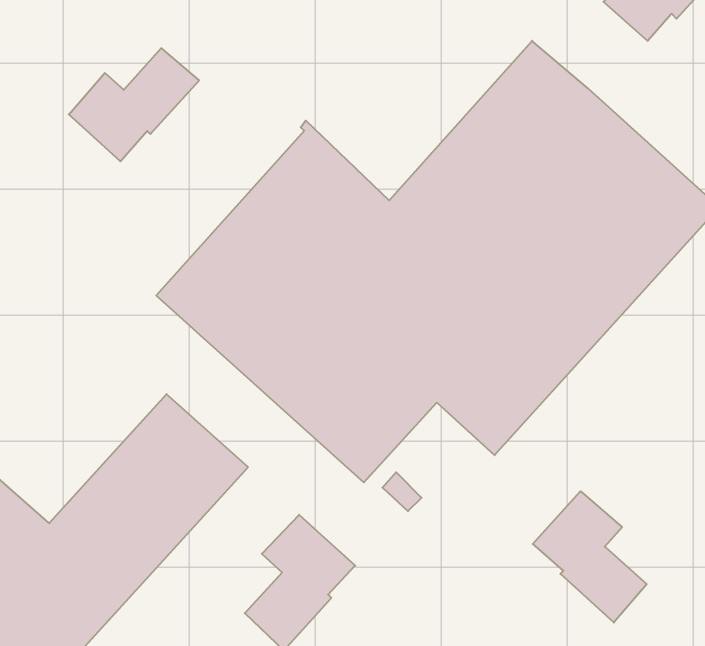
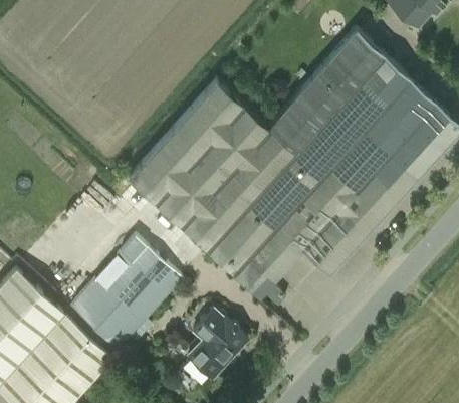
building: [69,48,199,161] -> none
building: [533,491,647,623] -> none

